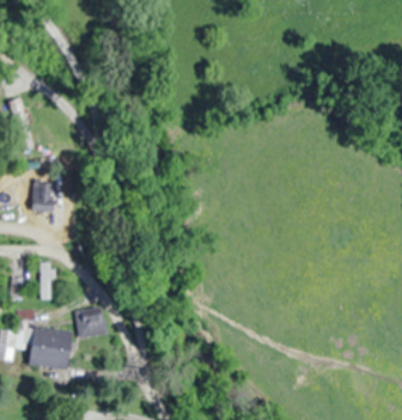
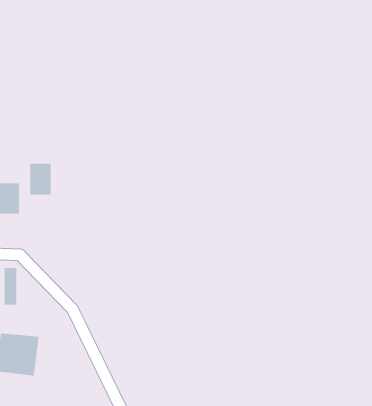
building: none -> [30,163,51,196]
building: [75,304,108,339] -> none

